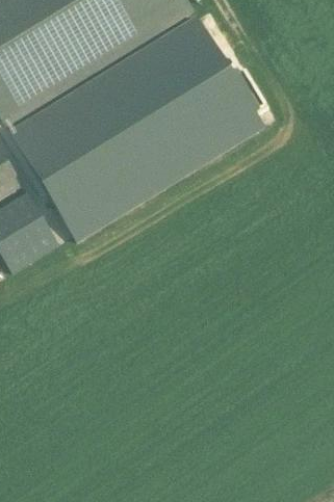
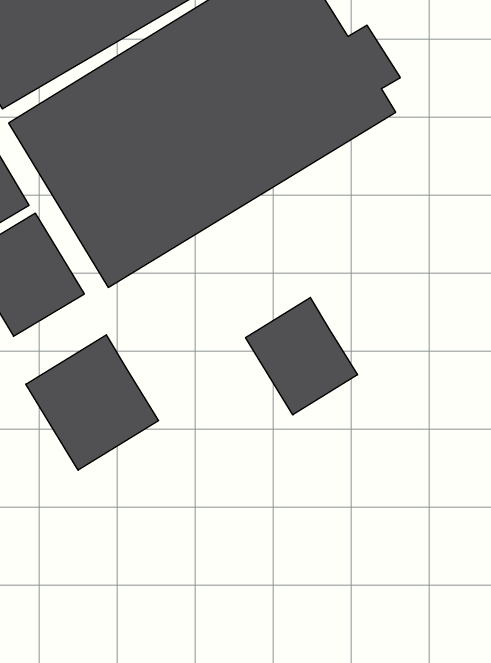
building: none -> [246,297,358,415]
building: none -> [26,335,159,470]

